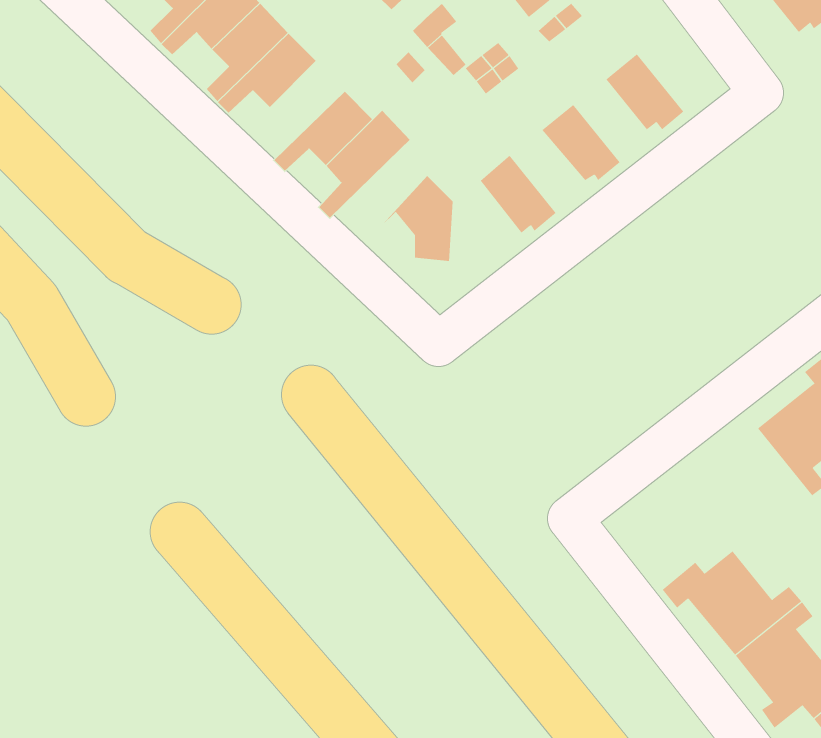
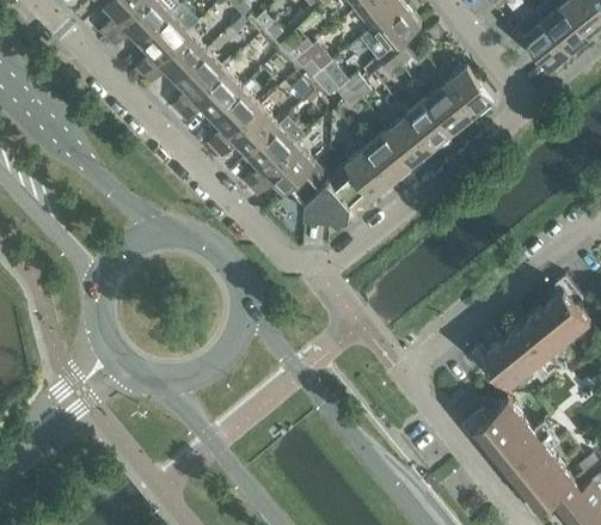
building: none -> [446,66,493,120]
building: none -> [207,87,259,151]
building: none -> [405,99,452,152]
building: none -> [364,132,412,184]
building: none -> [250,144,312,195]
building: none -> [326,164,372,216]
building: none -> [468,322,557,387]

